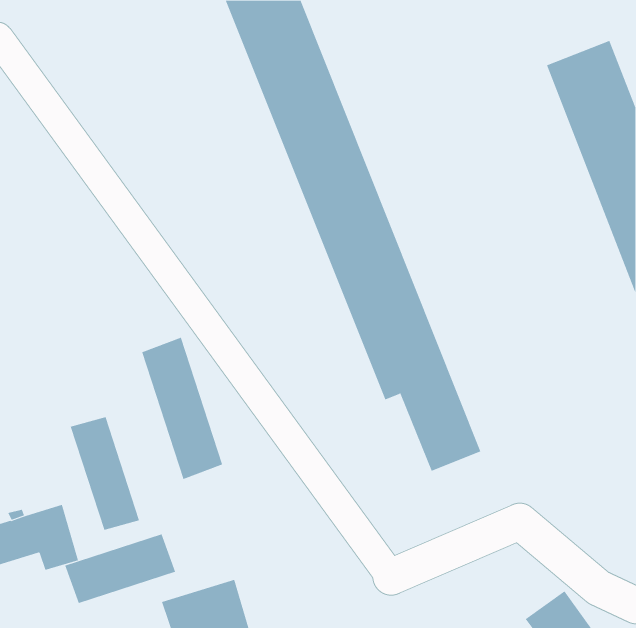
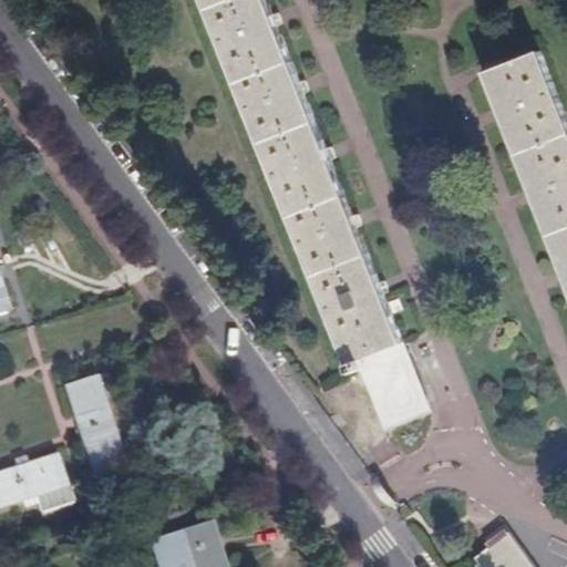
building: [142,337,223,480] -> none
building: [64,534,176,604] -> none

